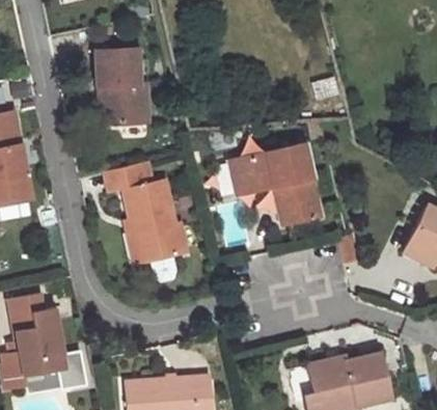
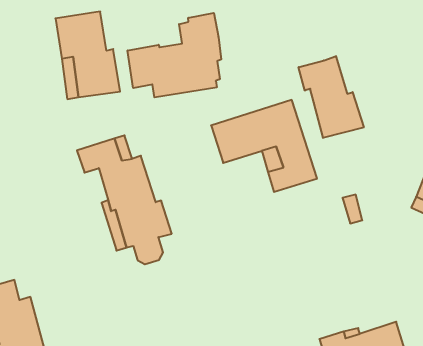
building: none -> [128,13,221,97]
building: none -> [299,56,364,138]

